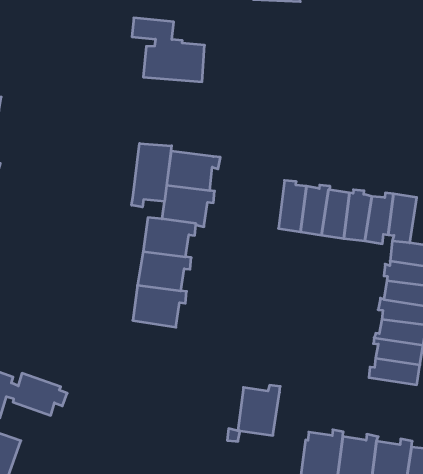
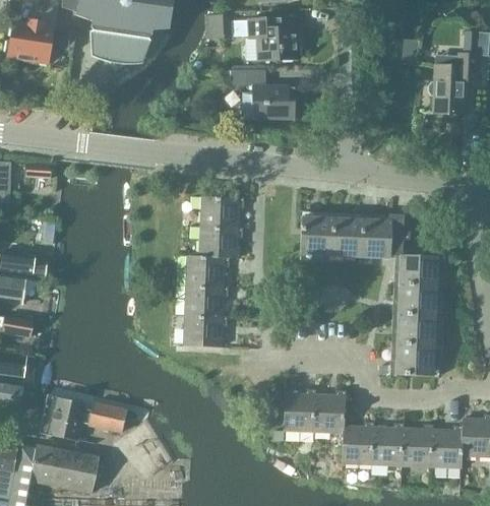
building: [132,18,205,82] -> [231,70,295,120]
building: [132,143,172,207] -> none
building: none -> [313,390,346,433]

